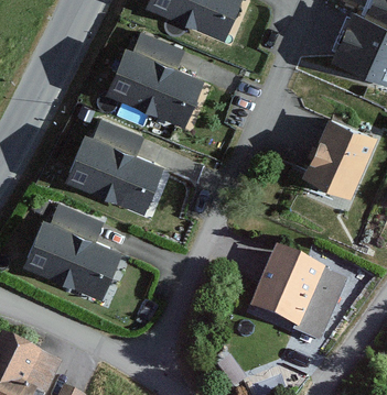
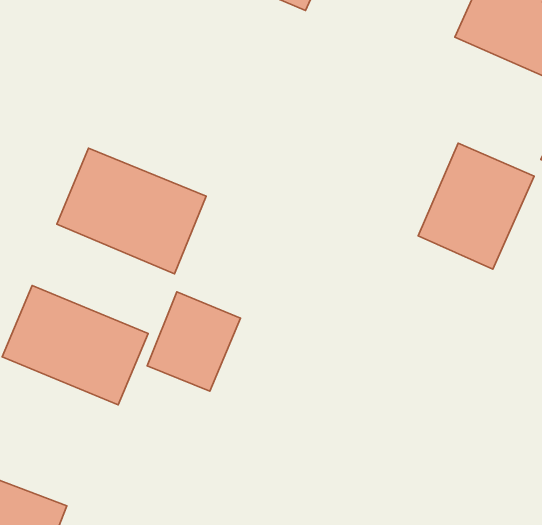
building: [100,39,202,119] -> none
building: none -> [147,292,241,391]
building: [248,255,324,336] -> none

